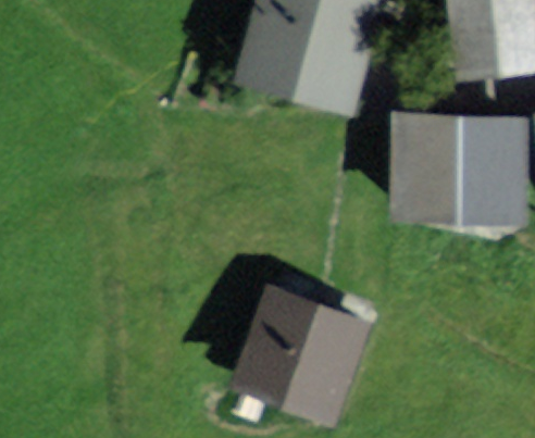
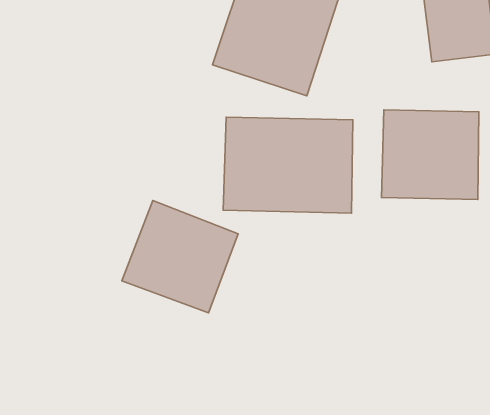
building: none -> [223,117,353,213]
building: [241,293,360,408] -> [122,201,238,313]

